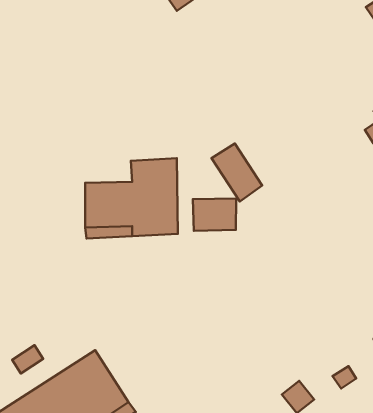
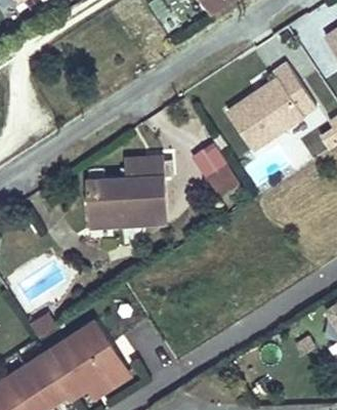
building: none -> [226,63,314,149]
building: [193,198,236,231] -> none

